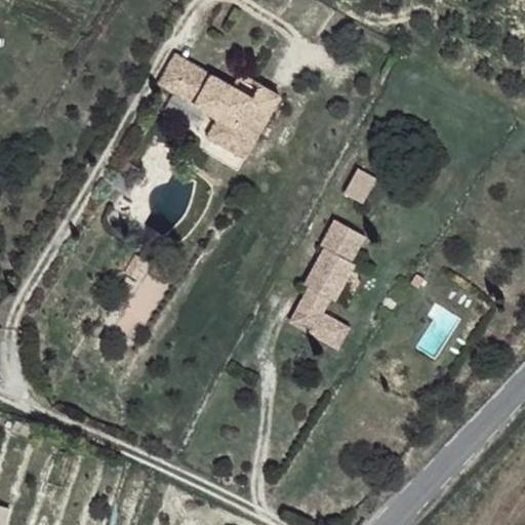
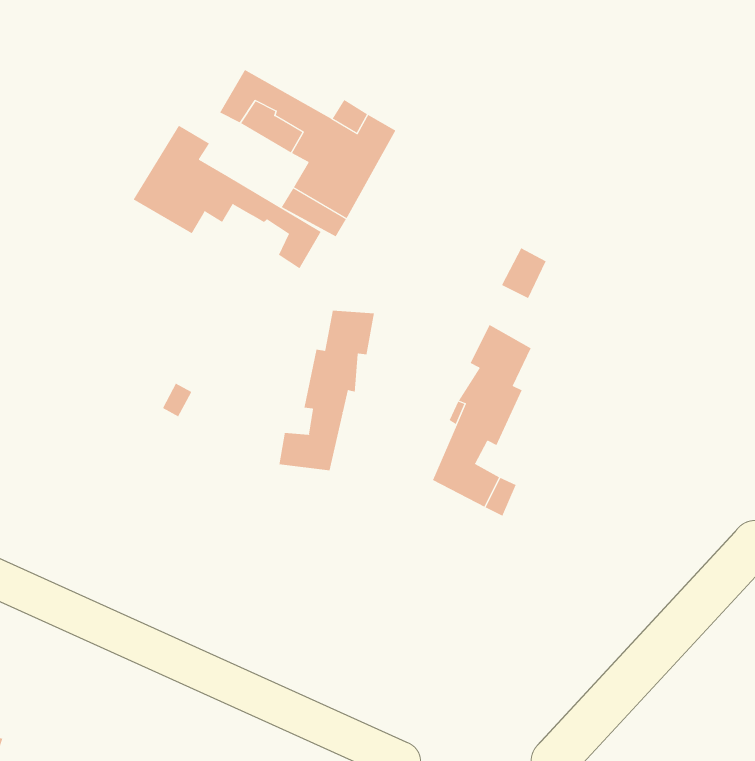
building: none -> [133,125,321,269]
building: none -> [279,310,375,471]

